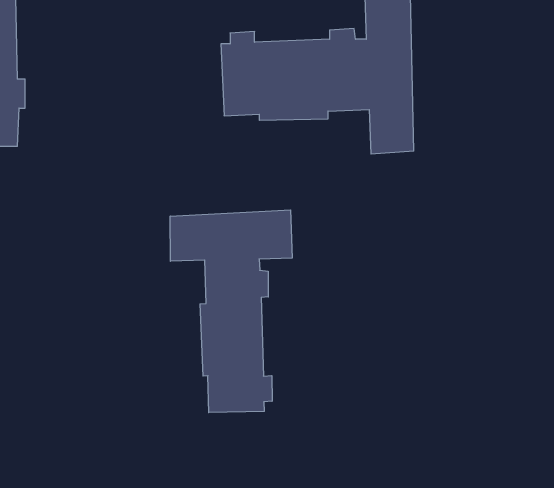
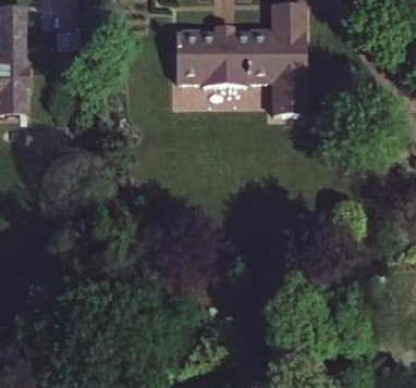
building: [170,210,292,413] -> none

